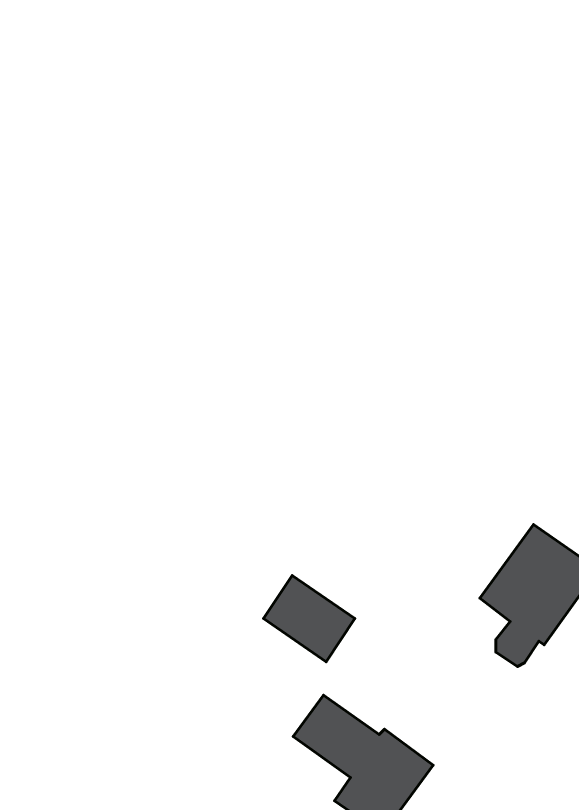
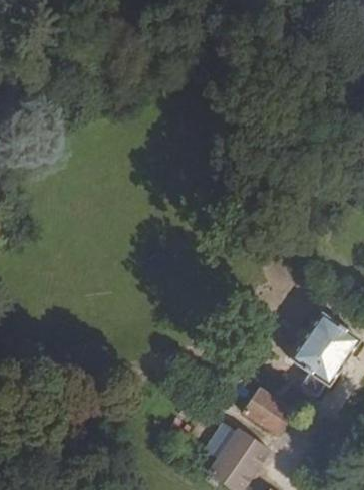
building: [263,576,355,662] -> [244,387,295,435]

